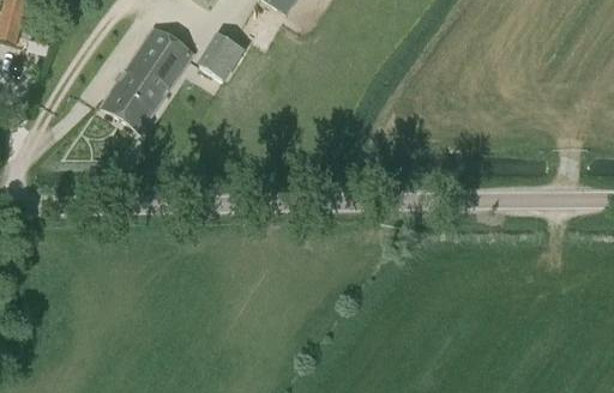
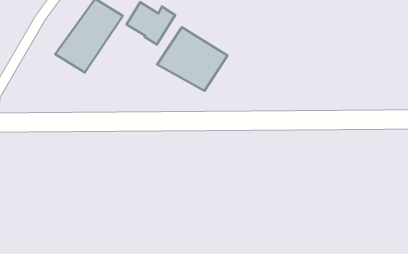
building: none -> [157,27,228,91]

